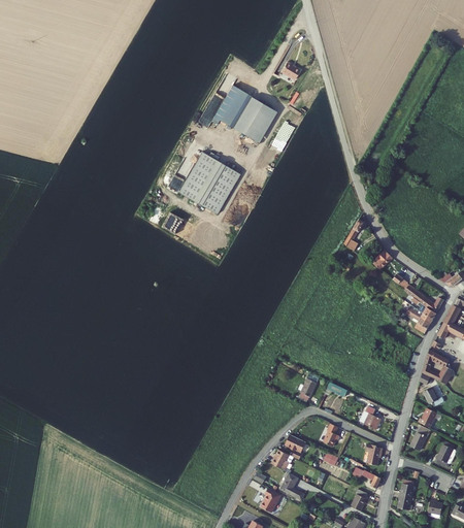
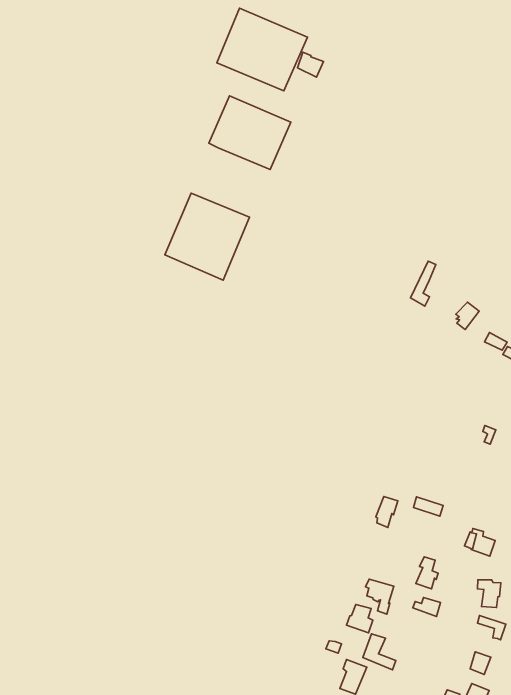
building: none -> [217,8,307,91]

